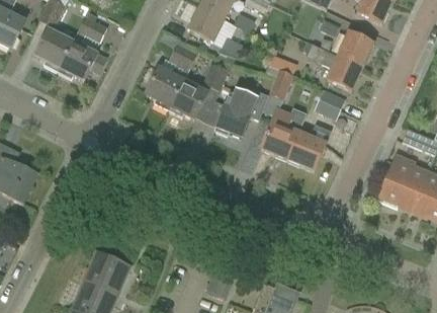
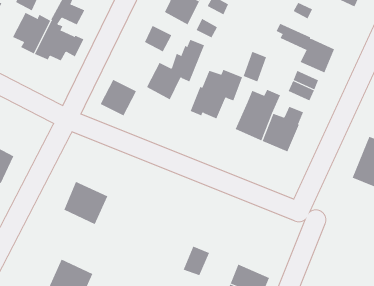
building: [337,31,372,67] -> none
building: [146,68,183,105] -> [100,79,137,116]
building: [84,250,129,295] -> [63,181,108,225]

